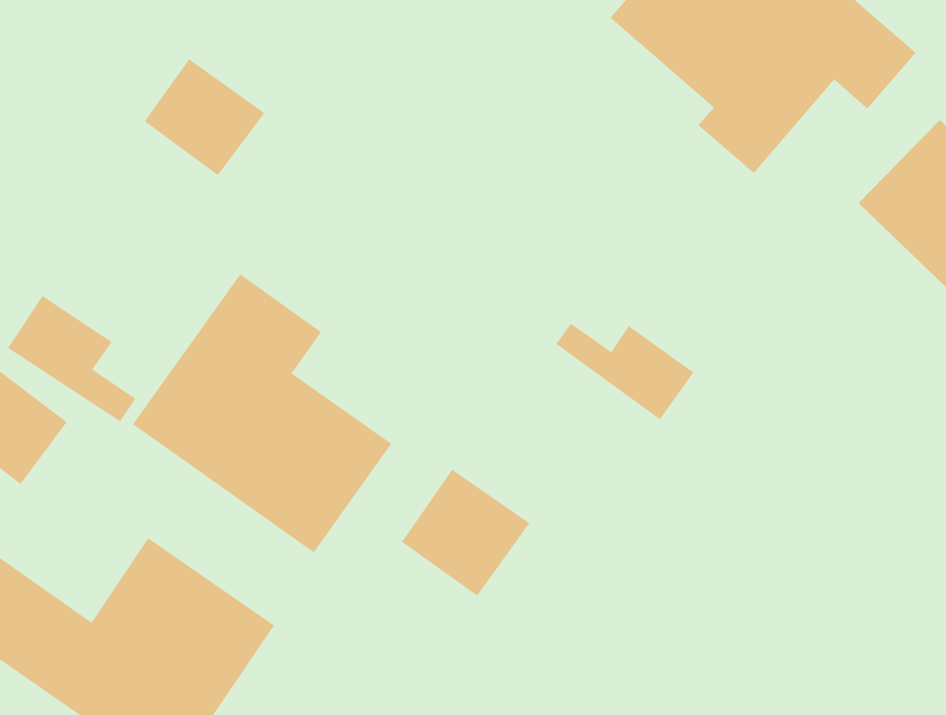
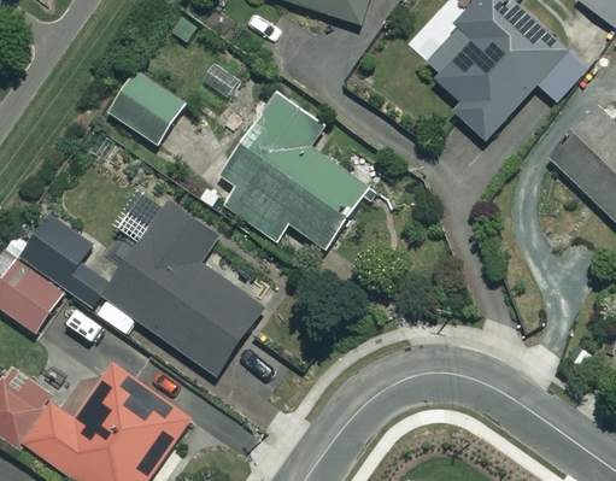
building: none -> [221,94,366,246]
building: [555,323,694,420] -> none
building: [401,469,530,597] -> none

